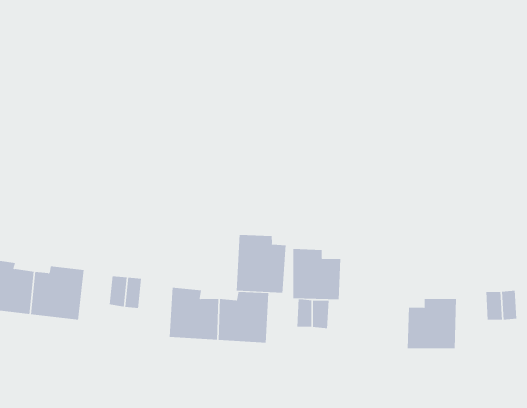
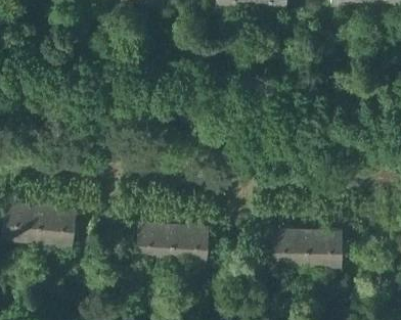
building: [236,234,286,294] -> none
building: [292,248,341,300] -> [272,227,307,264]

